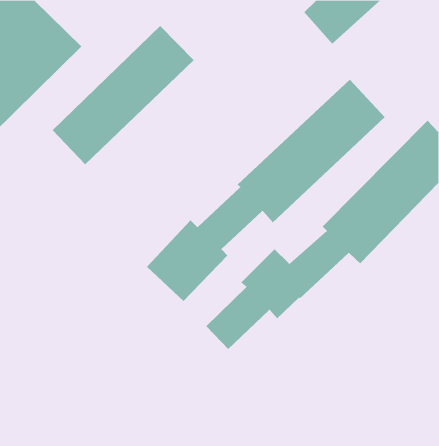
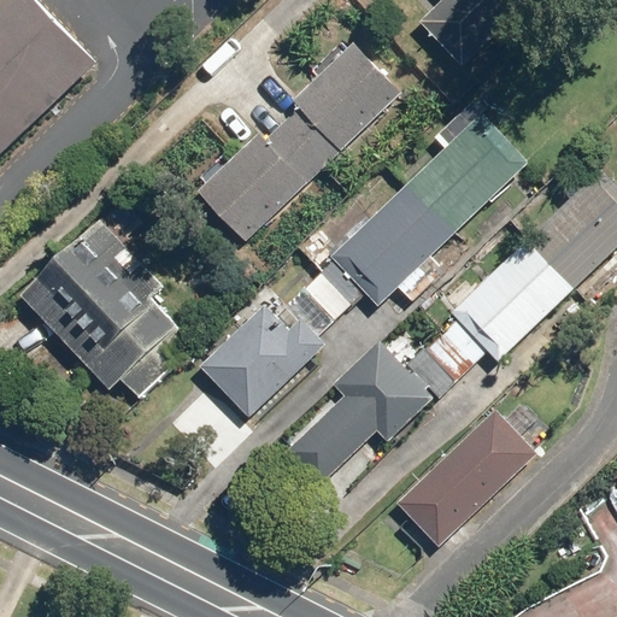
building: [52,25,194,165] -> [199,48,395,241]
building: none -> [20,222,189,390]
building: none -> [395,411,535,547]

